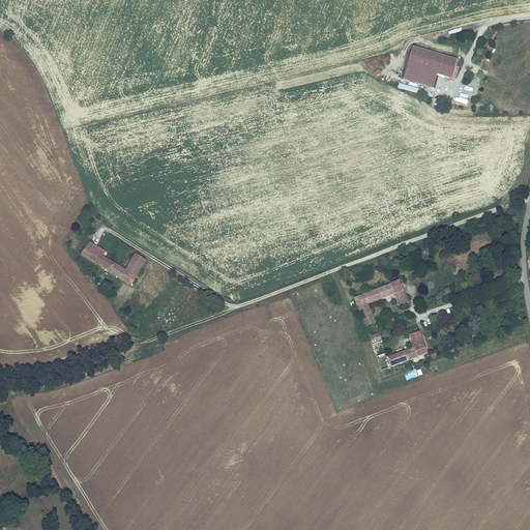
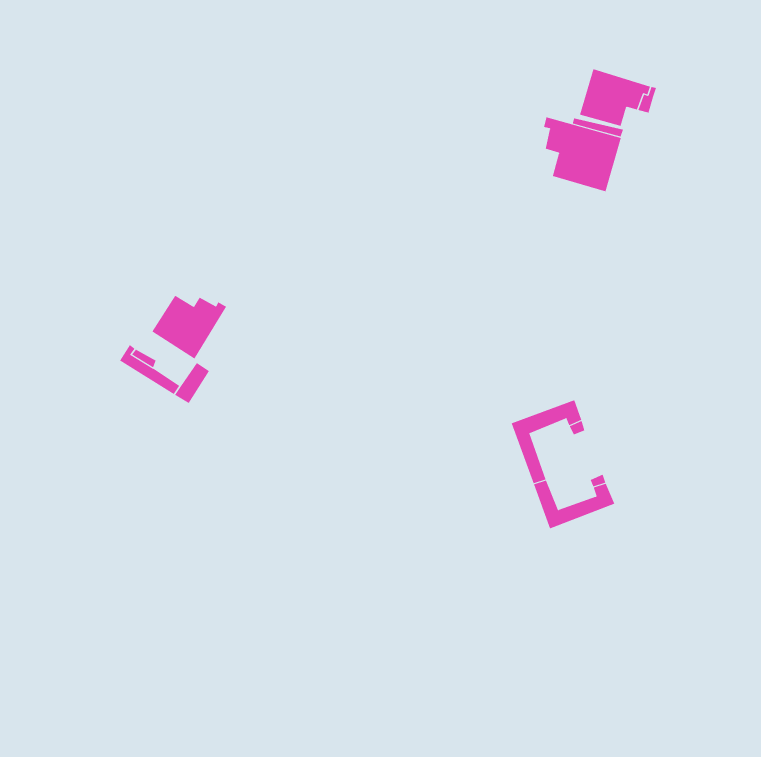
building: none -> [544,117,622,192]
building: none -> [151,295,227,359]

